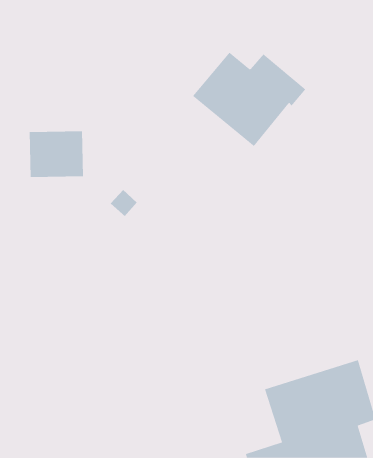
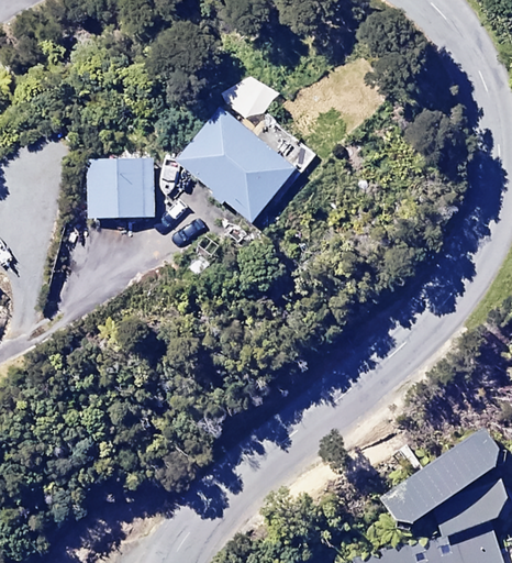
building: [192,52,306,147] -> [178,109,318,225]

